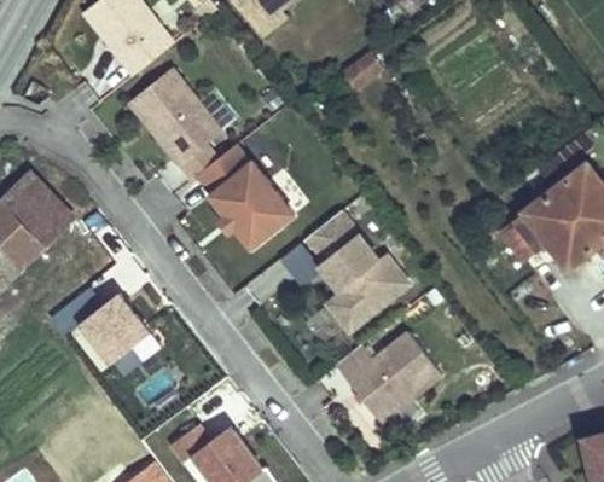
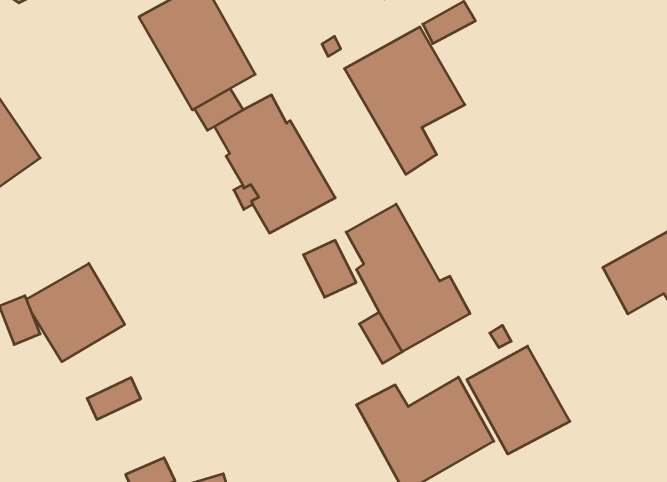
building: none -> [344,27,465,174]
building: none -> [467,346,570,454]

